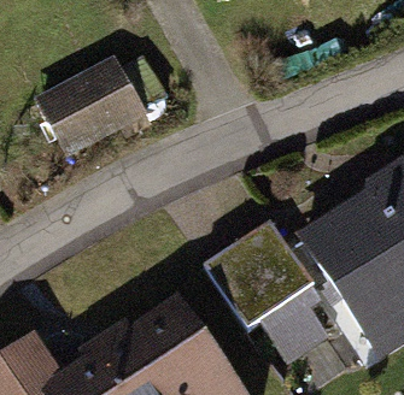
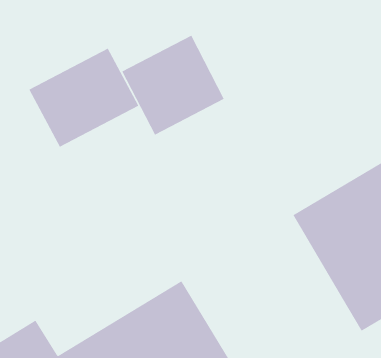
building: none -> [122,35,225,136]
building: [213,210,352,359] -> none

